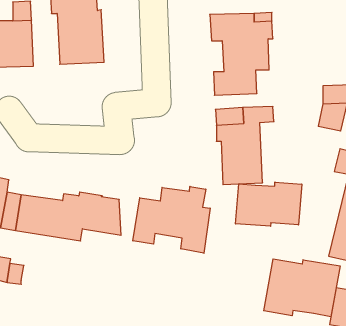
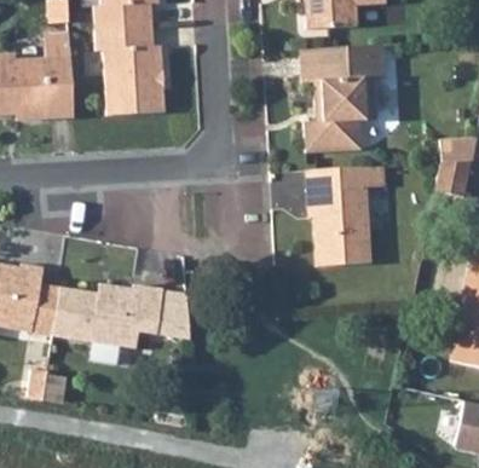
building: [236,182,302,226] -> none
building: [133,186,210,253] -> none
building: [264,259,340,317] -> none

